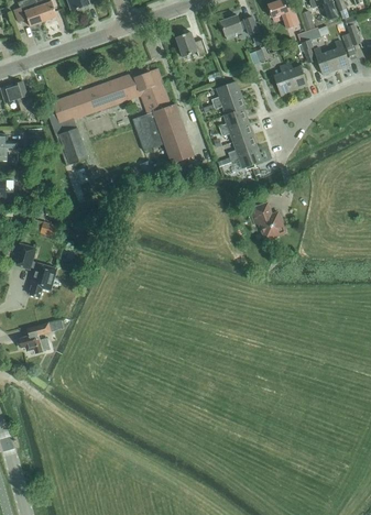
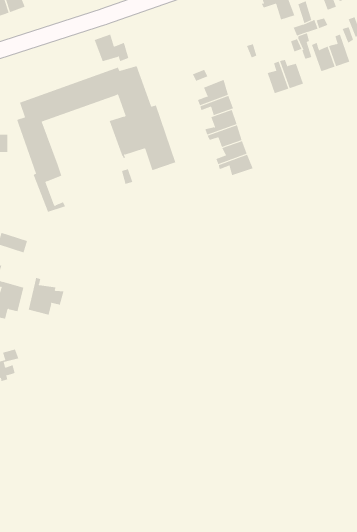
building: [219,14,258,40] -> none
building: [175,31,207,56] -> [94,34,129,62]
building: [250,202,285,239] -> none
building: none -> [28,277,64,315]

